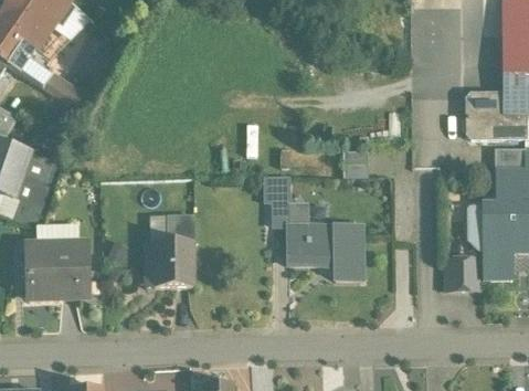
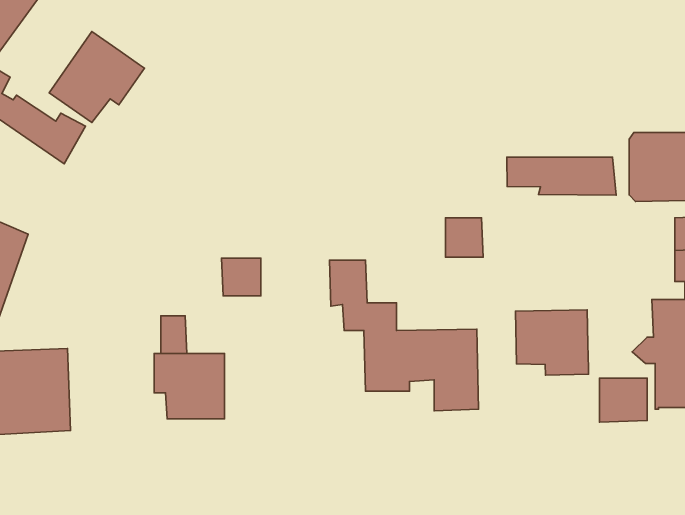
building: none -> [49,31,144,123]
building: none -> [507,157,616,195]
building: none -> [515,310,589,375]
building: [167,218,193,243] -> [222,258,261,296]

